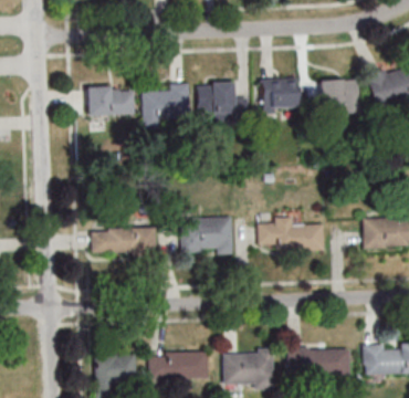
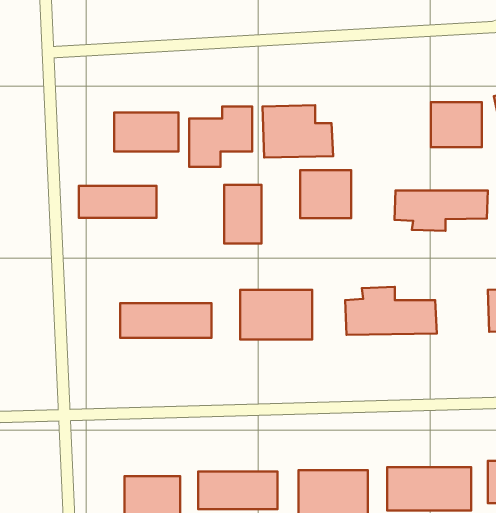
building: [261,78,298,114] -> [300,170,351,218]
building: none -> [224,185,262,244]
building: none -> [79,186,157,218]
building: none -> [395,190,488,231]

